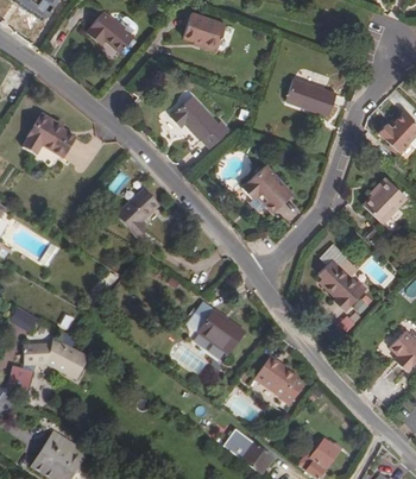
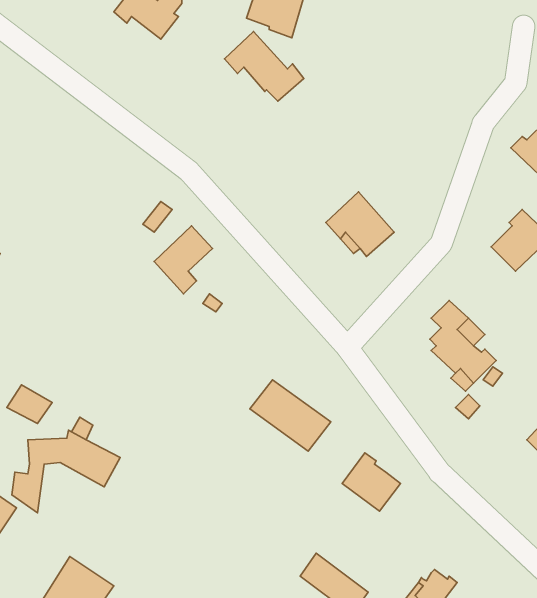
building: [285,78,336,115] -> none
building: [170,96,228,147] -> [224,31,304,101]
building: [23,114,75,158] -> none

